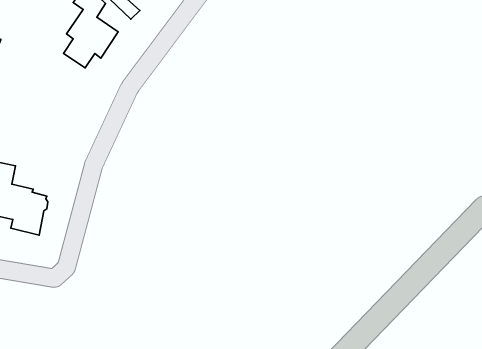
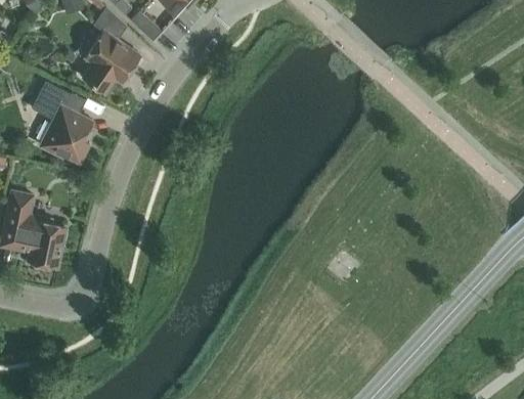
building: none -> [31,81,91,162]

